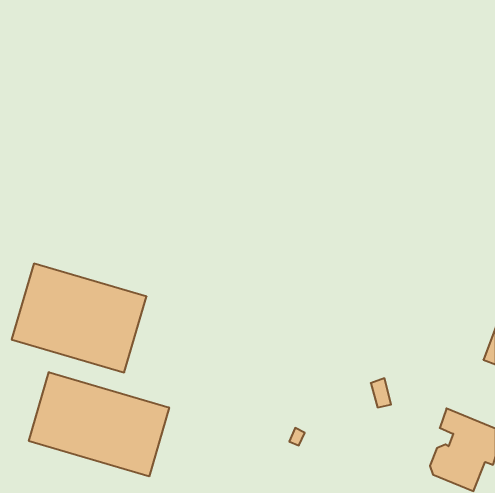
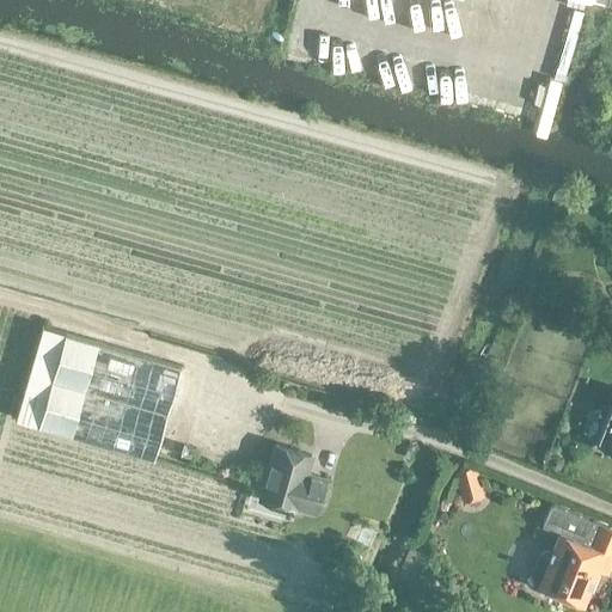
building: none -> [261,448,326,516]
building: [29,372,169,476] -> none

